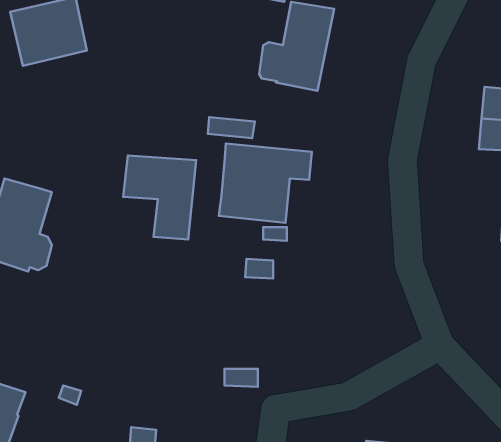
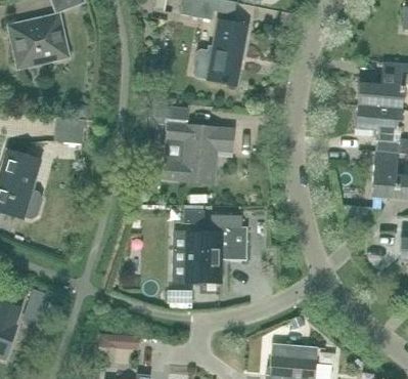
building: none -> [54,117,86,143]
building: [123,156,196,239] -> none
building: none -> [186,214,247,279]
building: none -> [24,290,49,325]

